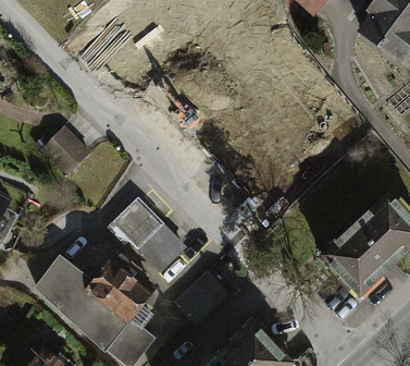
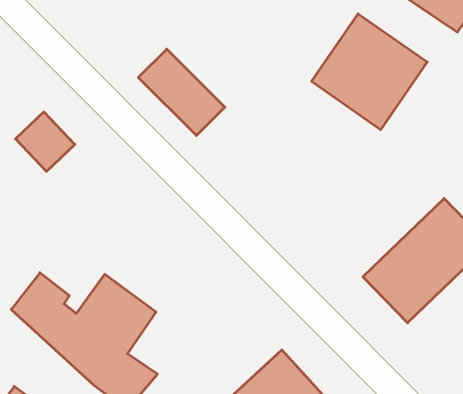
building: none -> [312,14,427,130]
building: [113,200,183,270] -> [138,49,225,136]
building: [173,269,231,326] -> none

